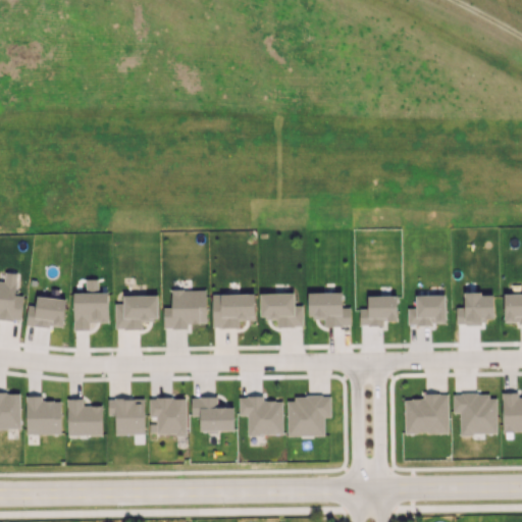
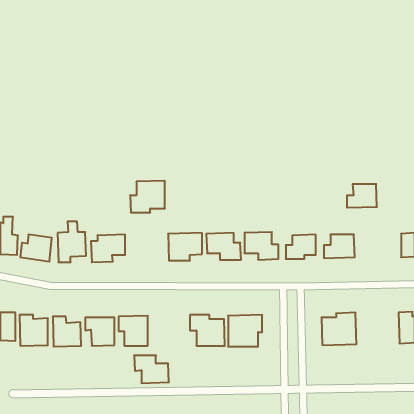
building: [163,290,207,329] -> [130,181,165,212]
building: [457,294,494,323] -> [347,184,377,208]
building: [454,395,498,435] -> none
building: [191,398,234,432] -> [134,355,169,383]

